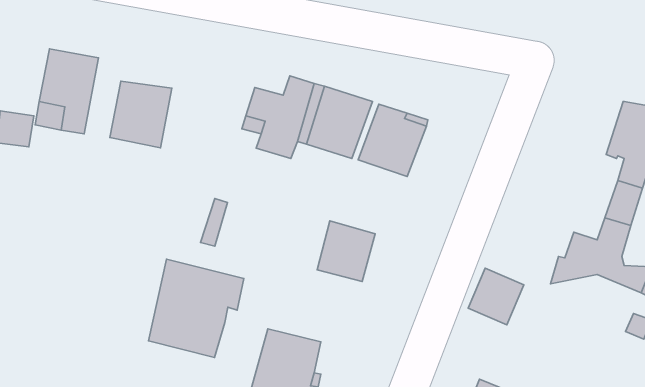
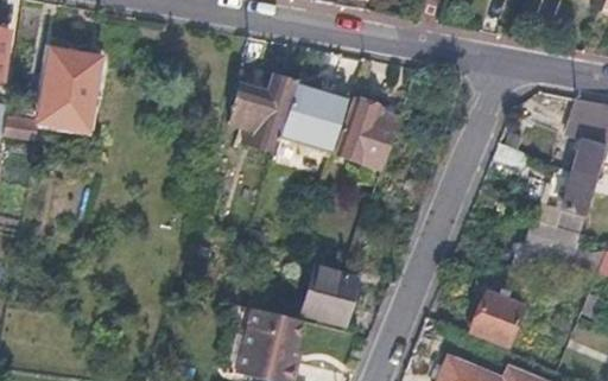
building: [110,81,172,148] -> none
building: [317,221,375,281] -> [303,267,356,323]
building: [149,259,244,357] -> none
building: [468,268,524,325] -> [473,290,524,342]

